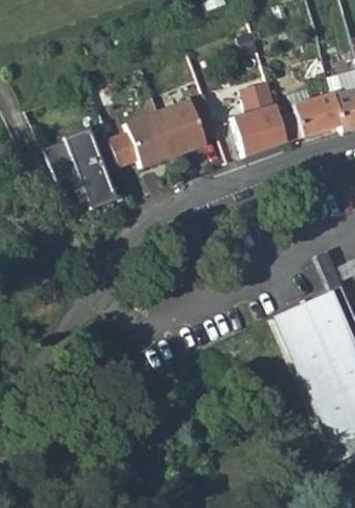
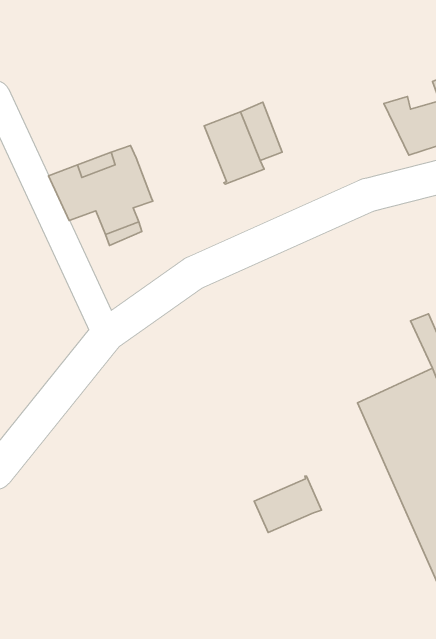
building: [235,79,295,154] -> none
building: [108,113,175,171] -> none
building: none -> [254,476,322,533]

